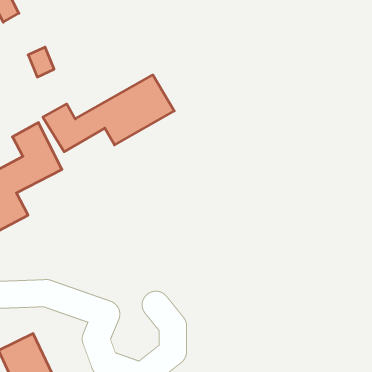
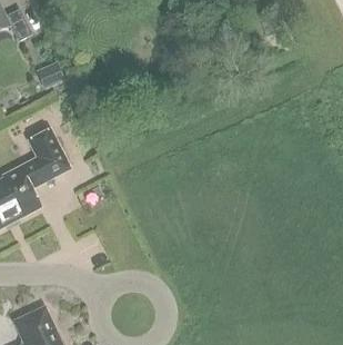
building: [43,75,174,152] -> none

